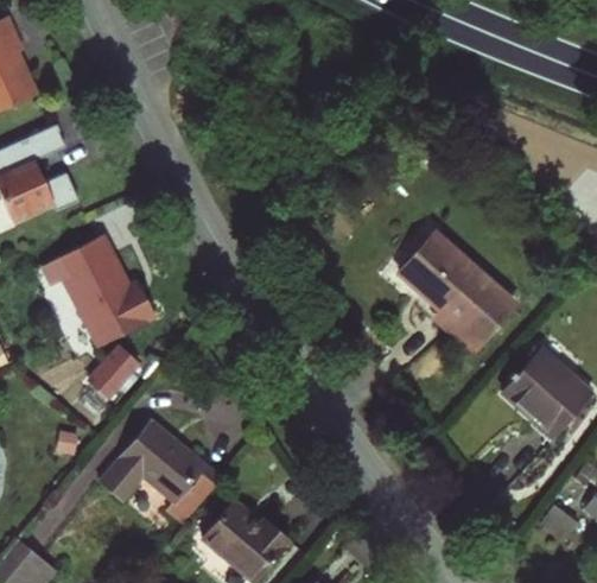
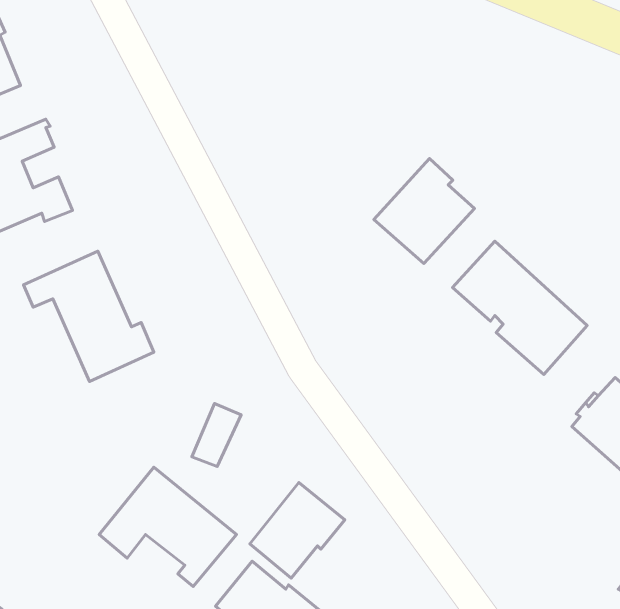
building: none -> [374,158,474,263]
building: [95,347,136,400] -> [192,403,241,467]
building: none -> [250,483,345,578]

